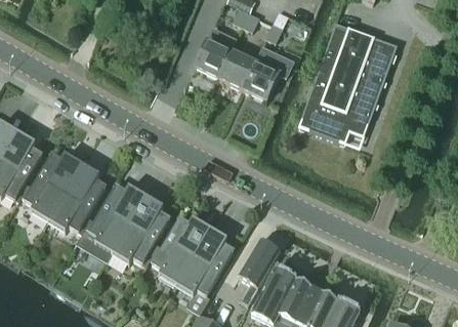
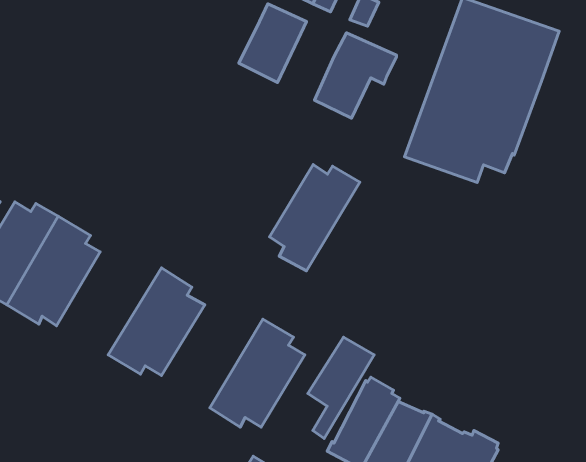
building: [218,50,254,89] -> none
building: [88,186,144,251] -> none
building: [152,217,209,285] -> [270,164,360,271]

